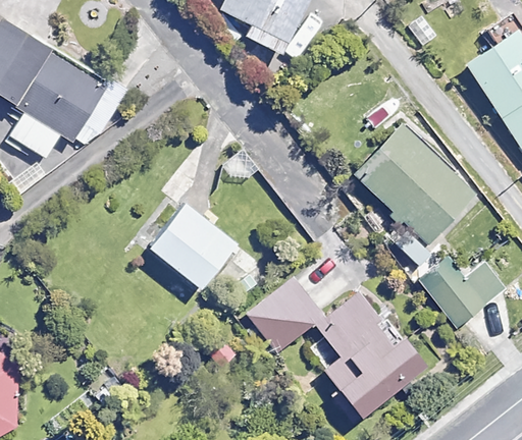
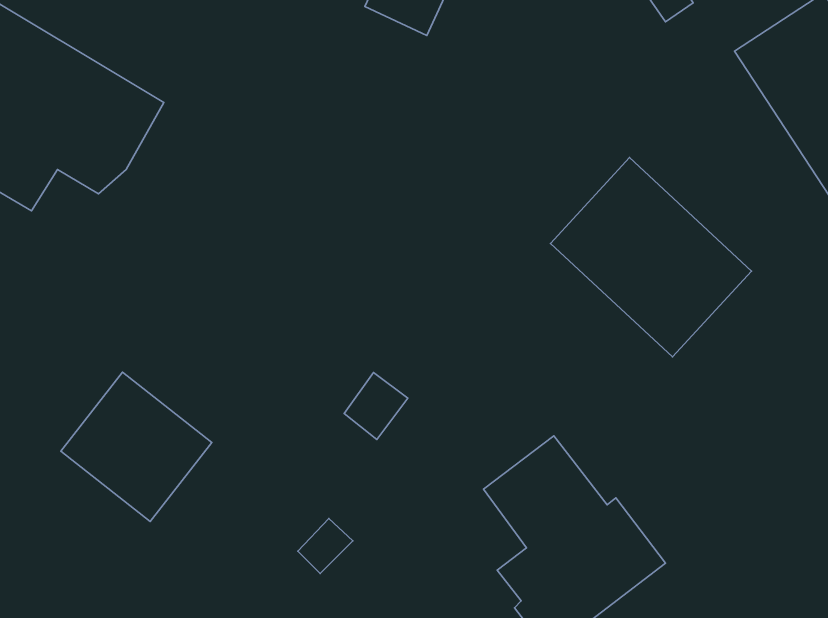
building: [148,200,238,288] -> [61,372,212,522]
building: [421,257,506,326] -> none
building: [248,277,323,351] -> none

